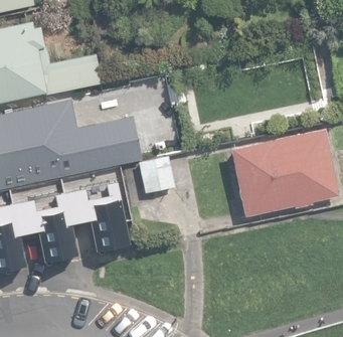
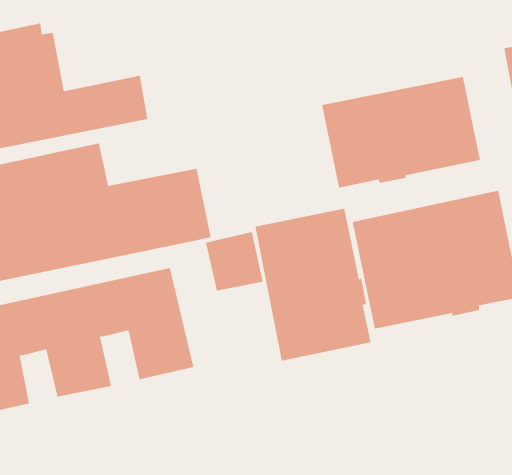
building: none -> [321,76,481,189]
building: none -> [255,208,371,361]

